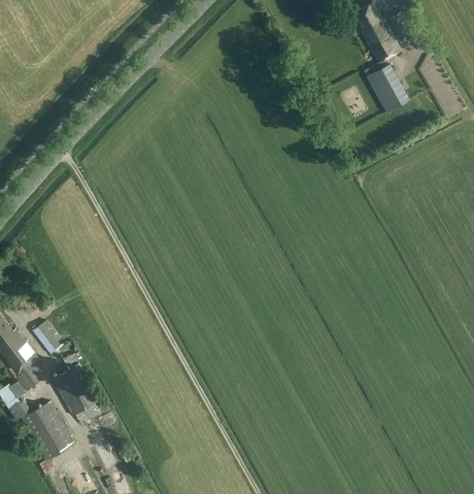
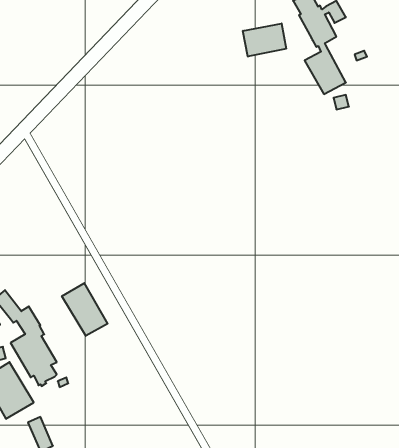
building: none -> [243,23,286,57]
building: none -> [62,283,108,336]

